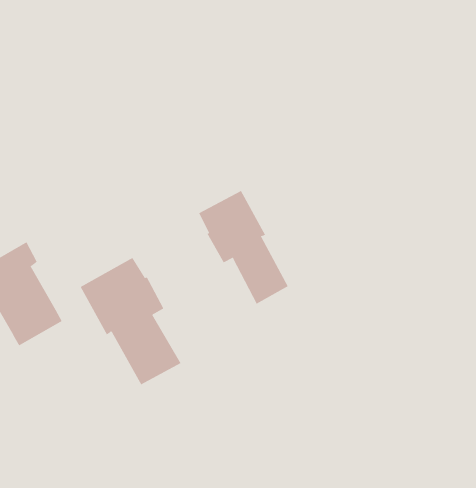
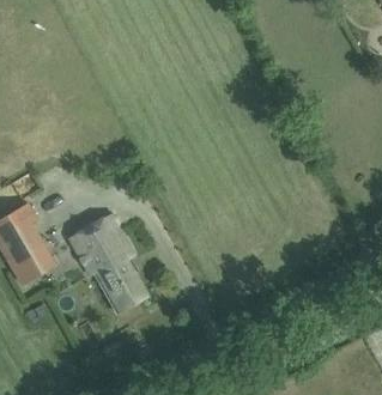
building: [199,190,289,305] -> none

